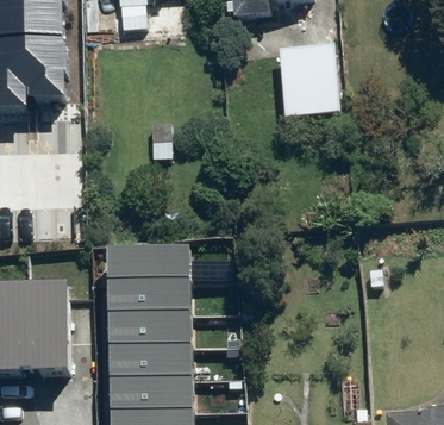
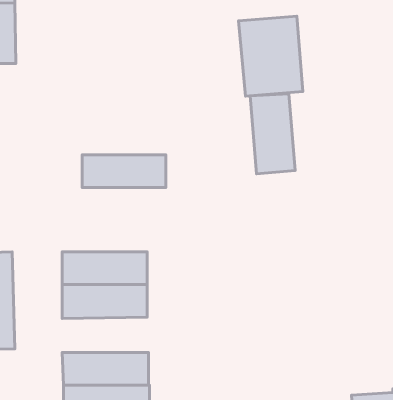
building: none -> [250,94,295,174]
building: [105,242,187,274] -> [82,155,166,188]
building: [105,338,189,373] -> none

